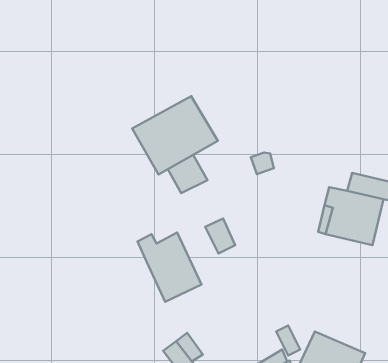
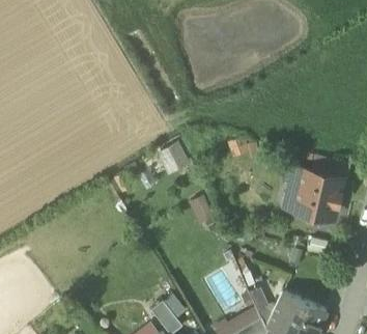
building: [132,96,218,174] -> none
building: [138,232,201,302] -> none

